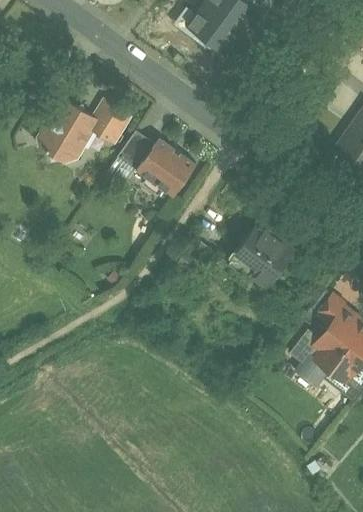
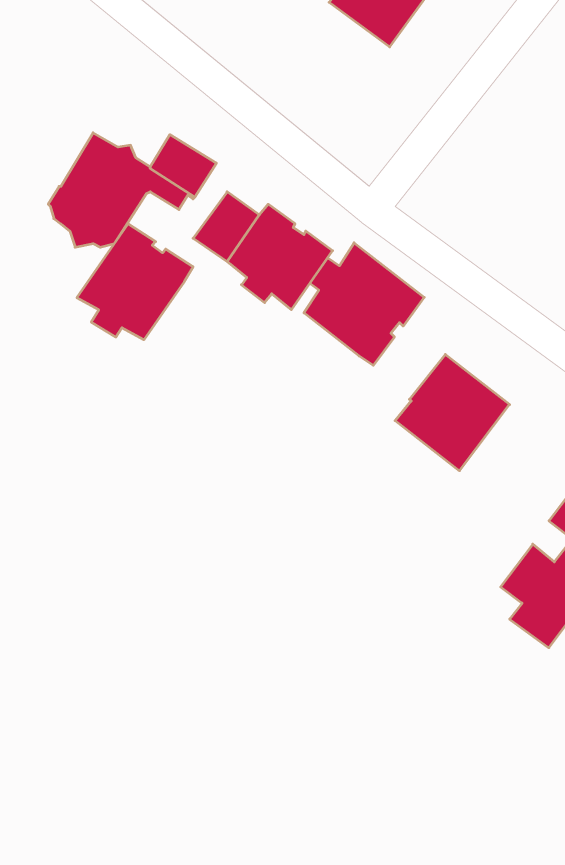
building: none -> [77,224,193,340]
building: none -> [304,243,424,365]

